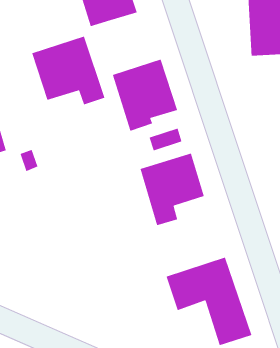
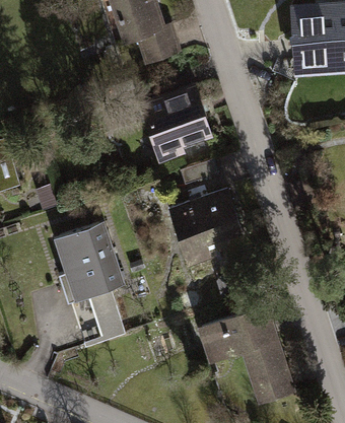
building: none -> [137,28,183,67]
building: [31,36,105,106] -> none
building: none -> [46,218,126,316]

